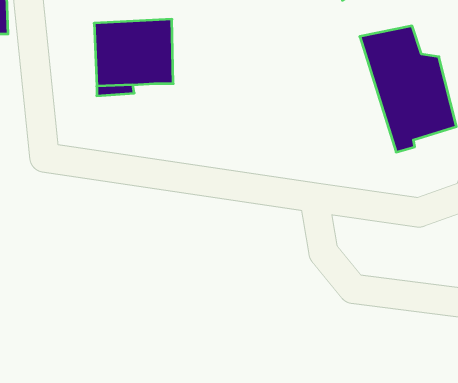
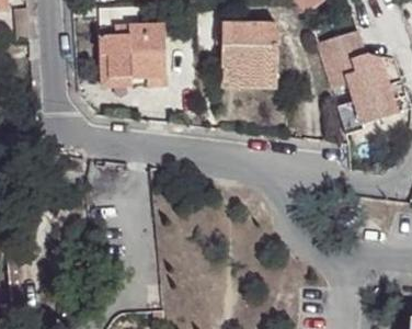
building: none -> [220,21,275,77]

